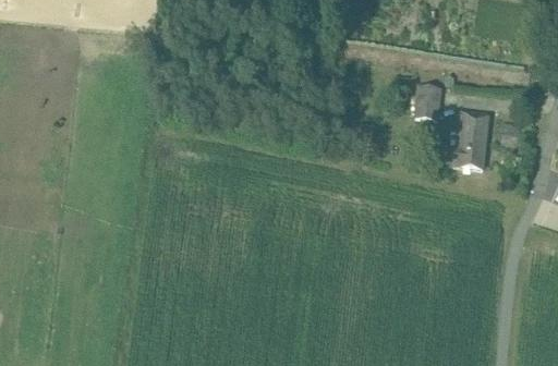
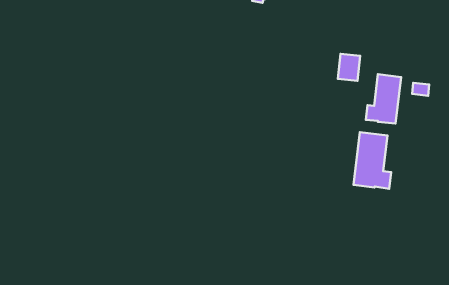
building: none -> [353,132,391,189]

